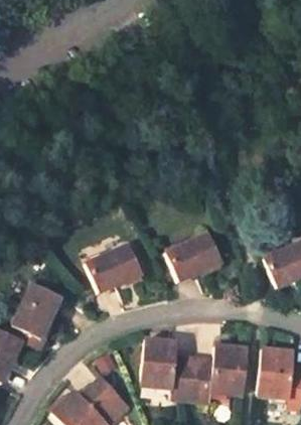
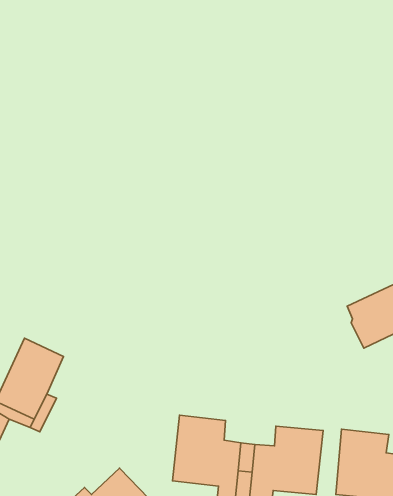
building: [165,234,221,281] -> none
building: [84,245,142,293] -> none

